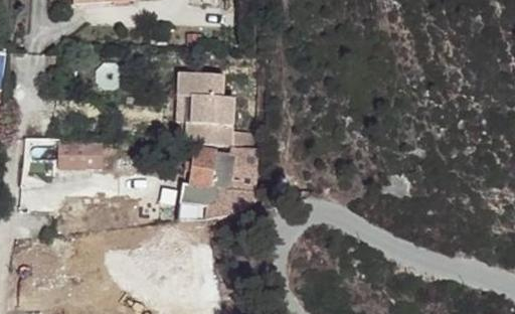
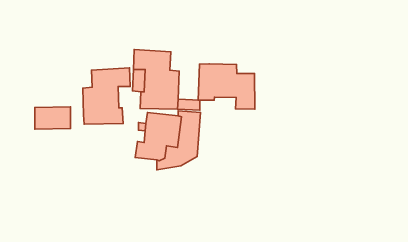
building: none -> [198,64,255,109]
building: none -> [83,68,130,124]

